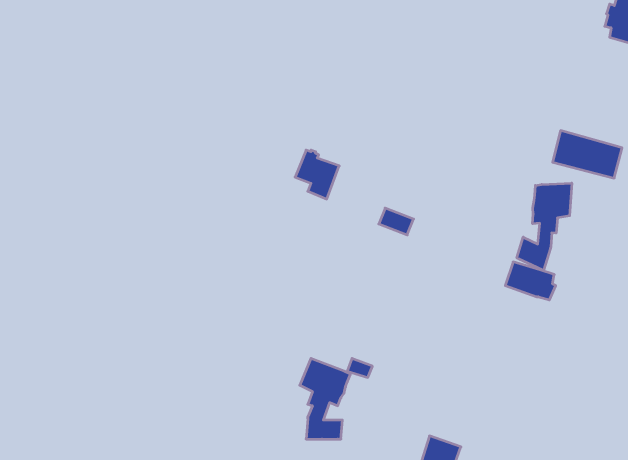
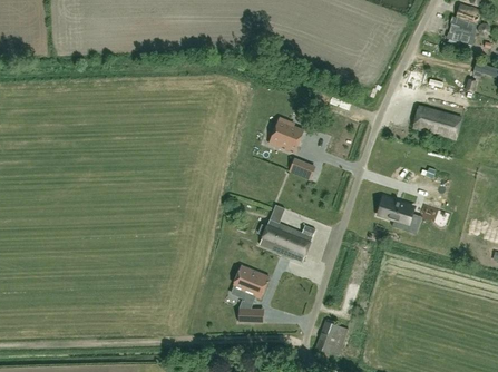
building: [295,150,339,199] -> [272,116,303,150]
building: [517,183,572,271] -> none
building: none -> [257,216,315,260]

